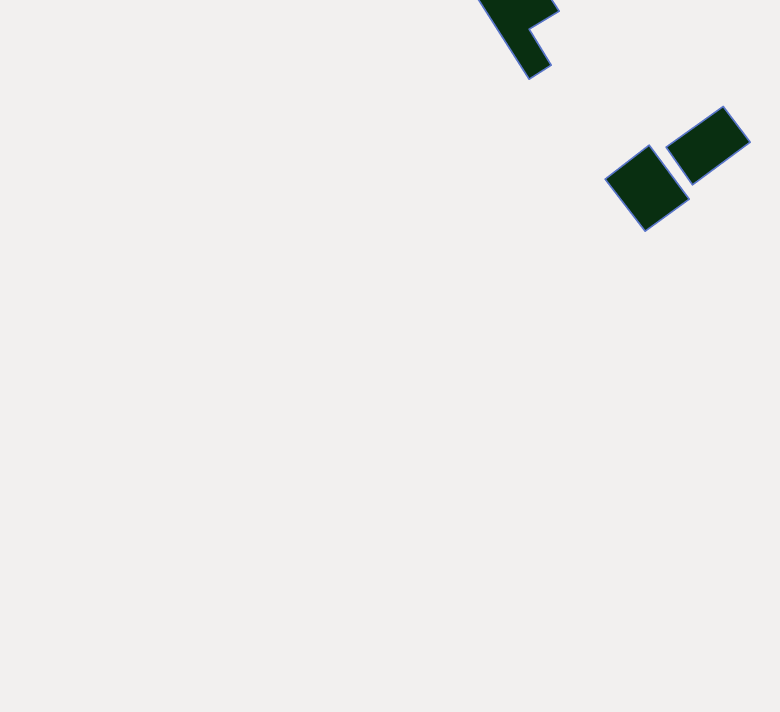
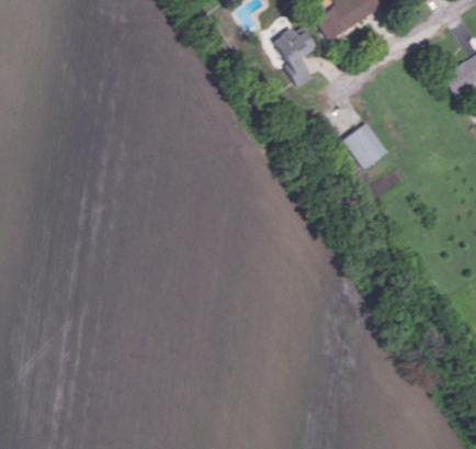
building: [666,106,750,185] -> none

